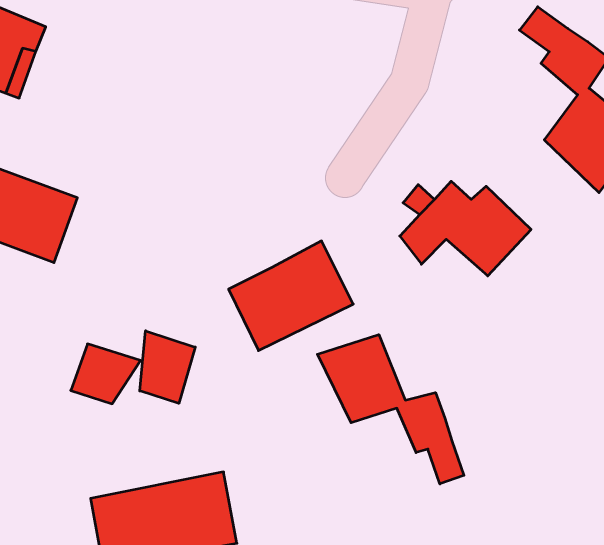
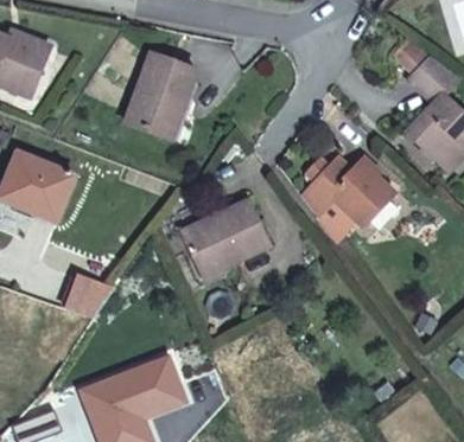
building: none -> [128,52,199,136]
building: [140,331,195,403] -> none
building: [317,335,464,484] -> none

